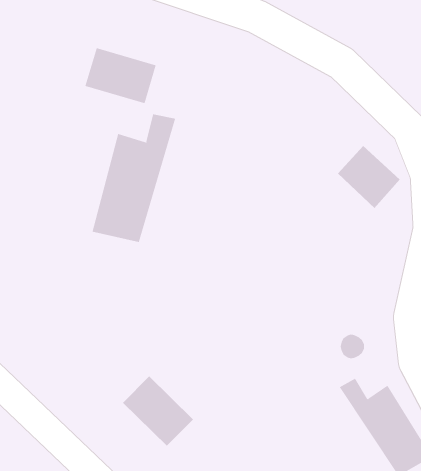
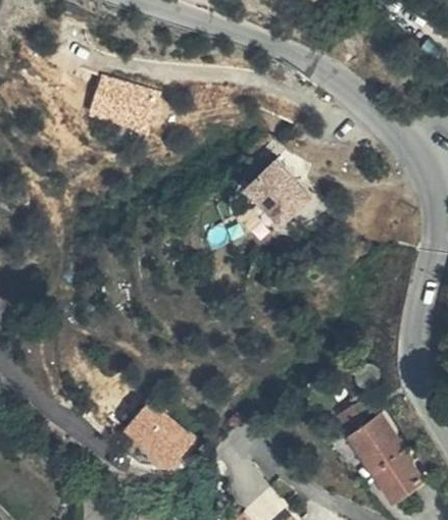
building: [92,113,176,243] -> none
building: [337,145,401,209] -> [250,167,312,229]

